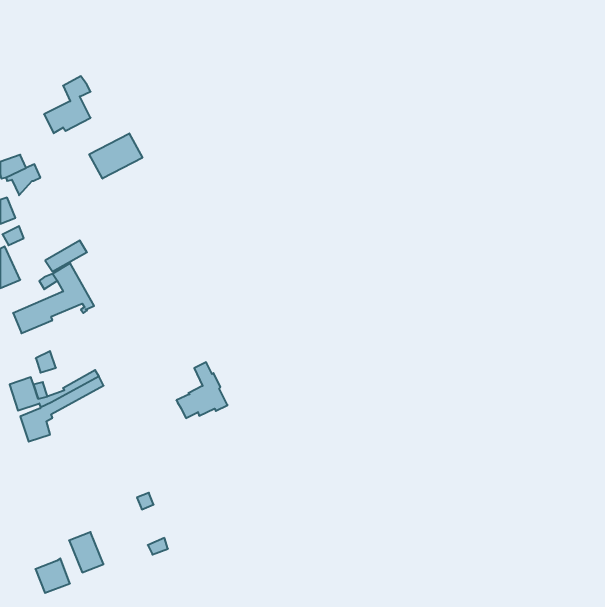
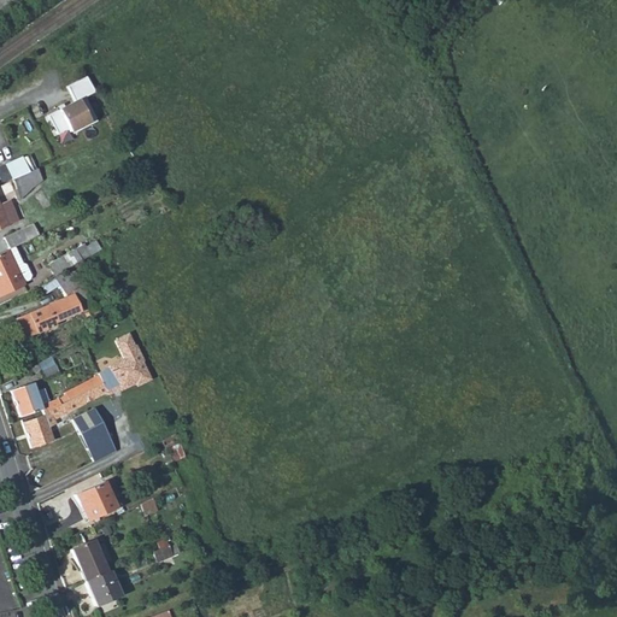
building: [89,133,142,179] -> none
building: [176,362,228,418] -> [99,334,151,390]
building: none -> [75,406,118,460]
building: none -> [76,481,117,519]
building: [35,558,70,593] -> [87,569,122,604]

